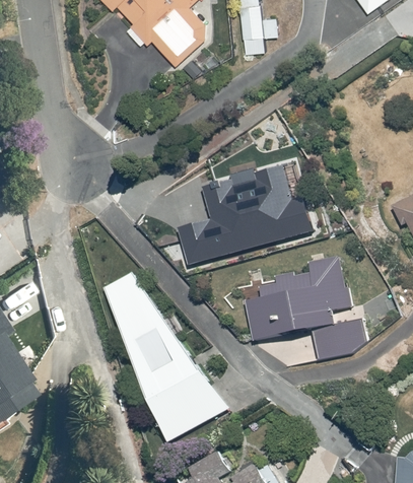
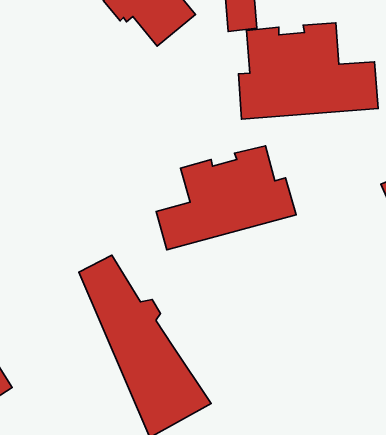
building: none -> [239,23,378,119]
building: [245,254,371,360] -> none

